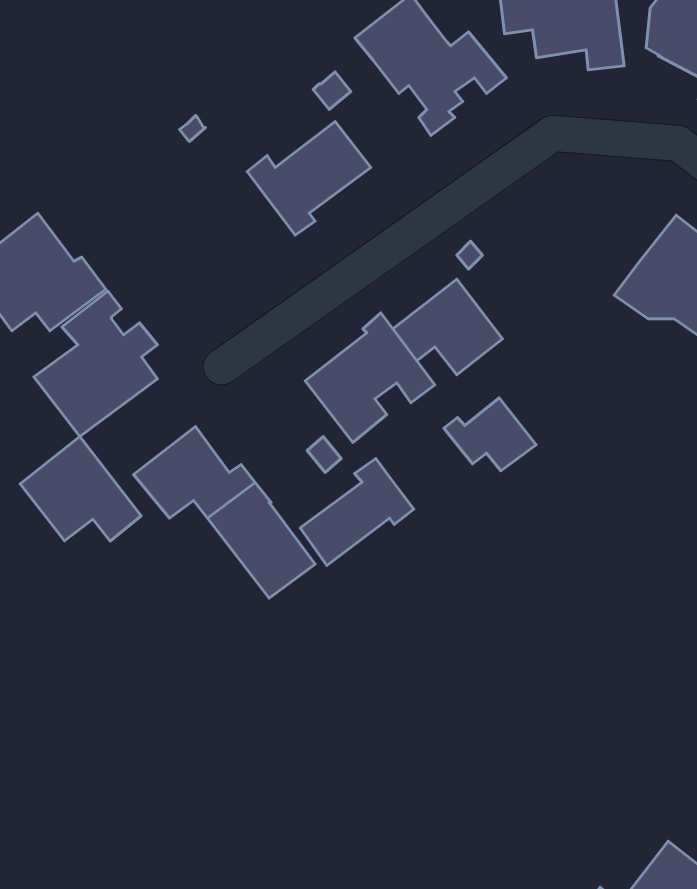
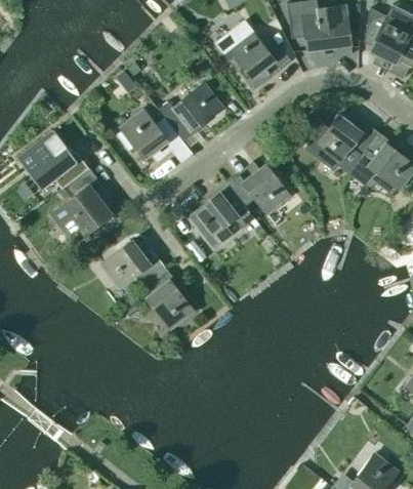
building: none -> [121,110,177,159]
building: none -> [316,115,379,172]
building: [444,398,536,471] -> none
building: [20,437,141,541] -> none
building: [300,458,414,565] -> none

